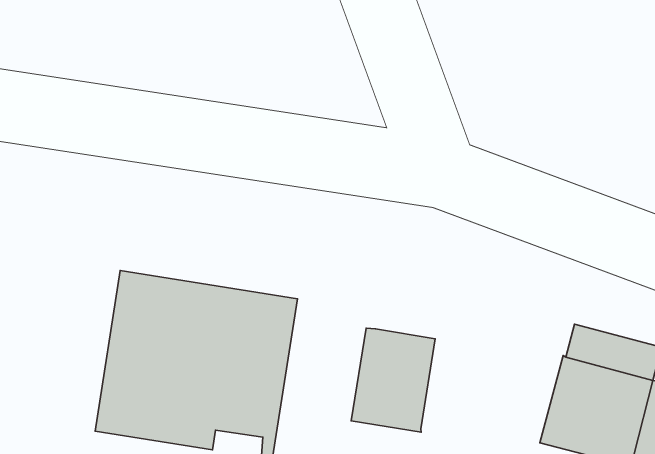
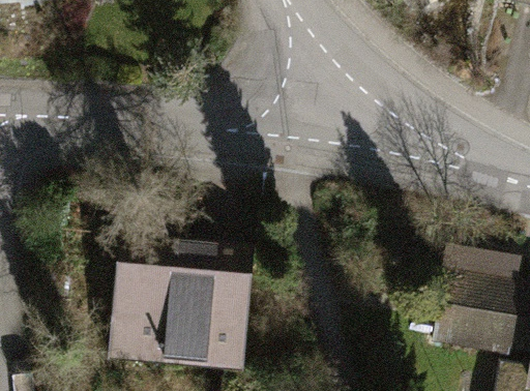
building: [351,328,435,432] -> none

